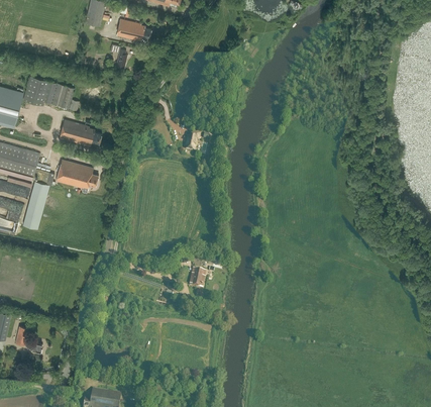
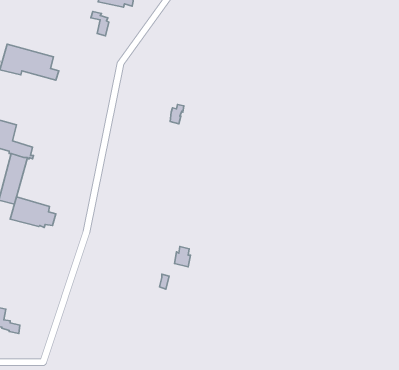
building: [59,119,101,146] -> none
building: [55,159,98,188] -> [10,197,56,228]

